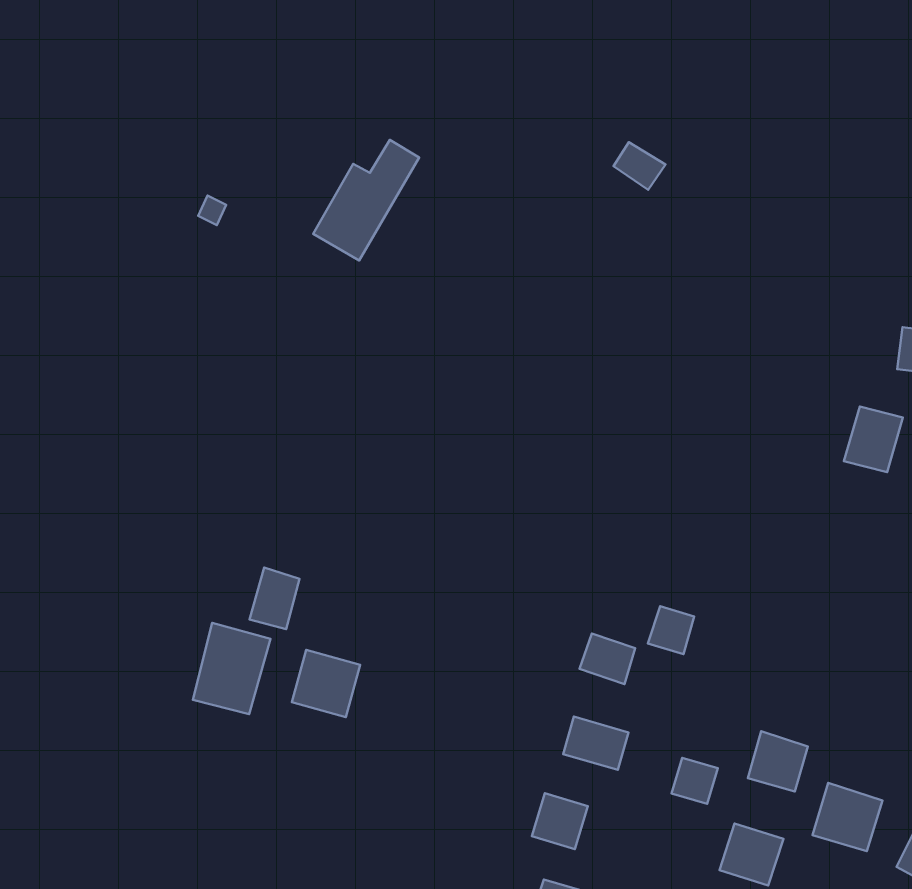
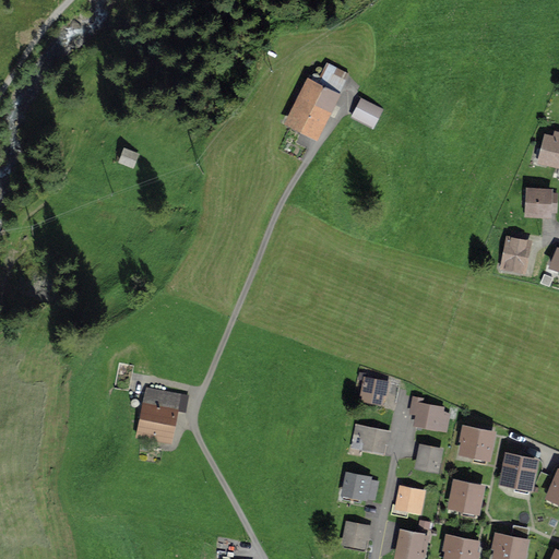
building: [313,140,419,260] -> [293,64,349,134]
building: [250,567,299,629] -> none
building: [648,606,694,654] -> [415,402,440,428]
building: [292,650,360,717] -> none
building: none -> [394,485,423,512]

